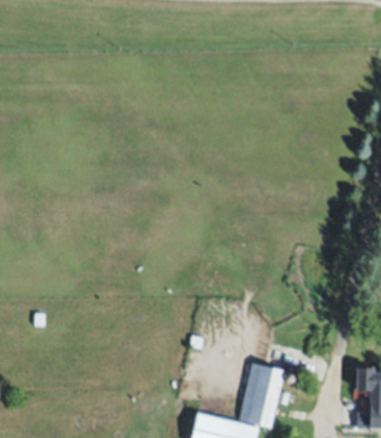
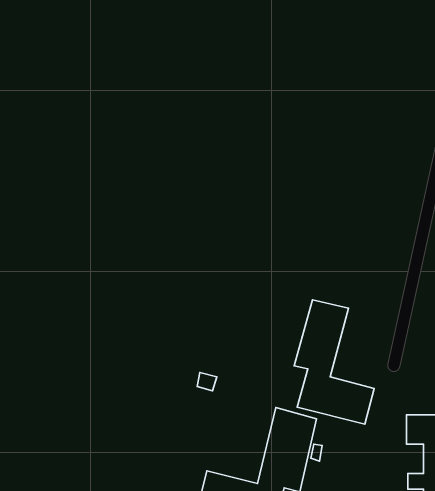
building: none -> [294,300,374,424]

